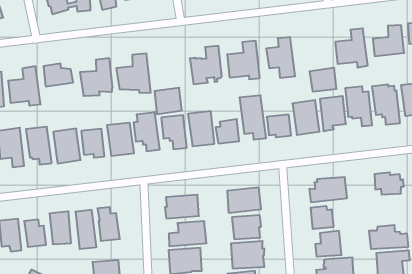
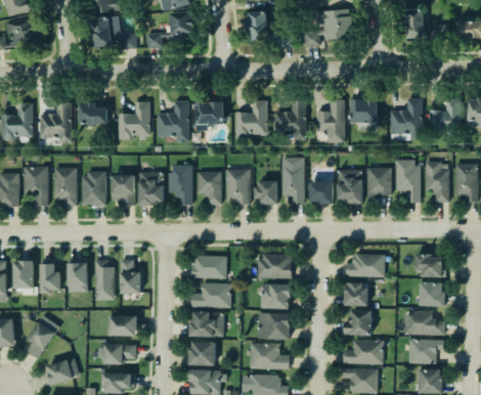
building: [309,68,336,91] -> [350,99,377,122]
building: [154,88,182,114] -> [196,100,223,126]
building: none -> [420,281,445,306]

